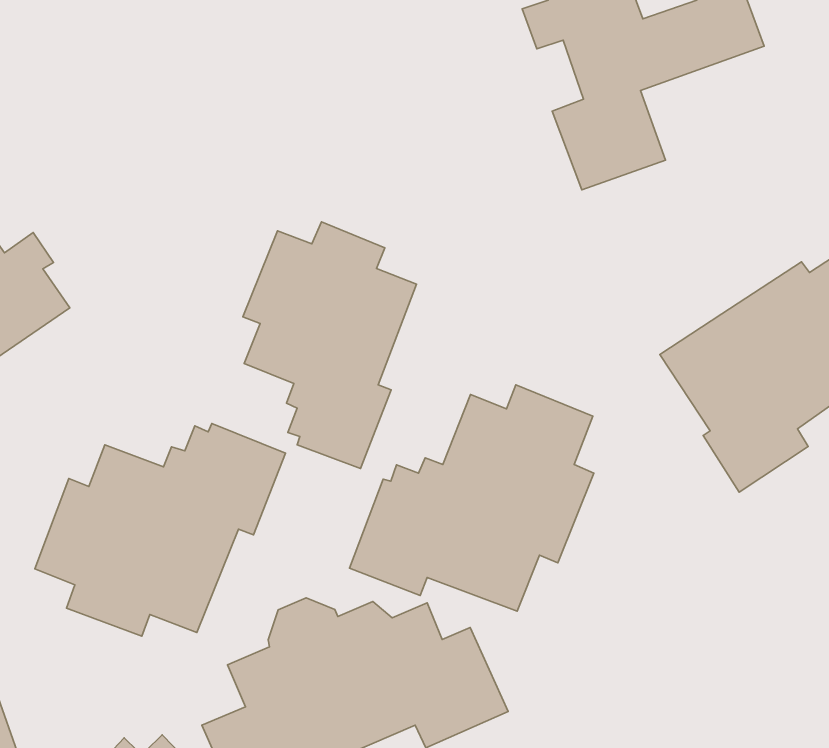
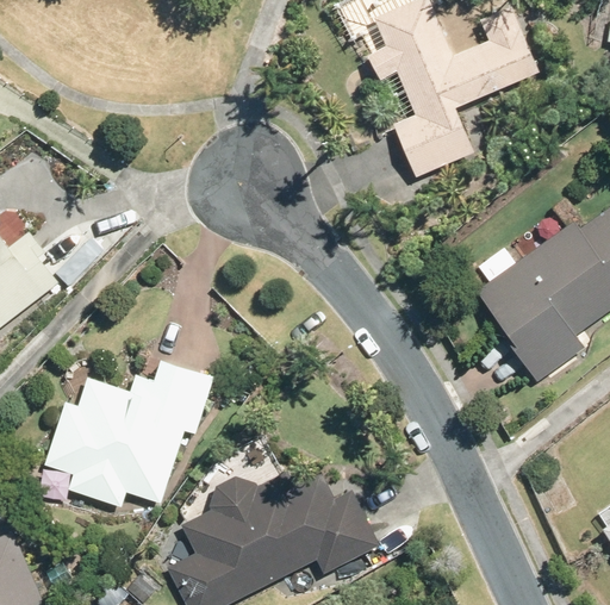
building: [243,222,416,468] -> none
building: [349,385,594,611] -> none

